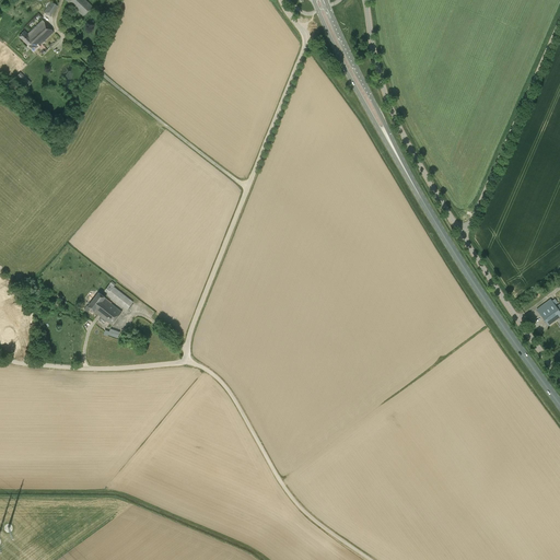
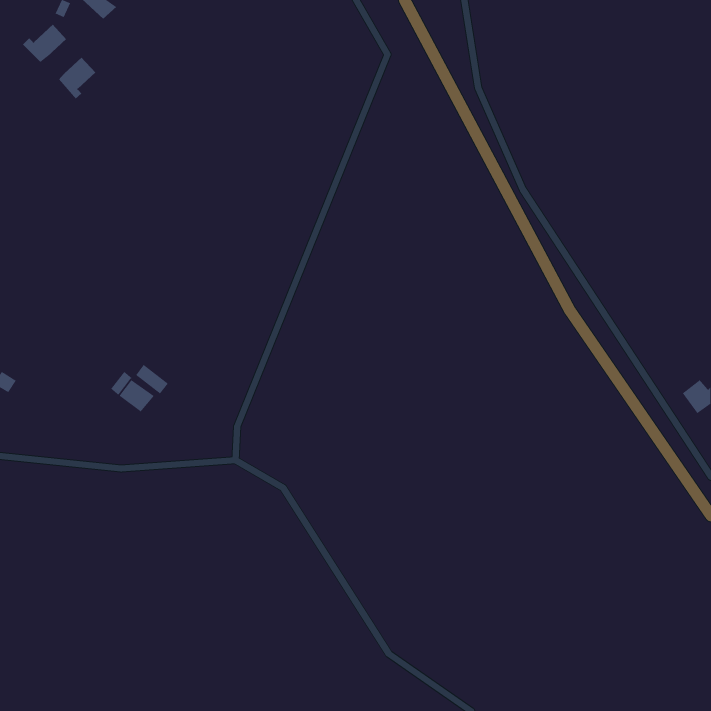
building: none -> [58,57,96,99]

